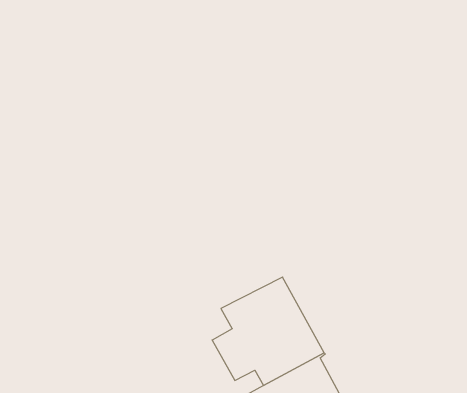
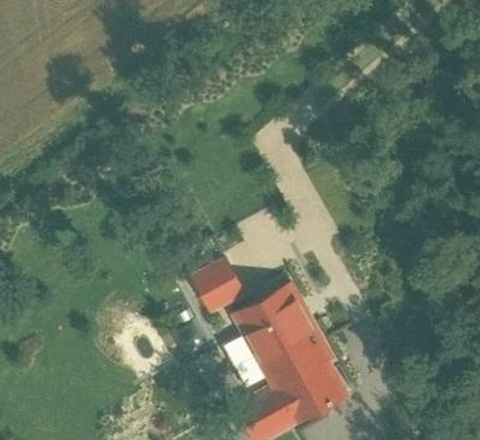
building: none -> [190,256,248,312]

